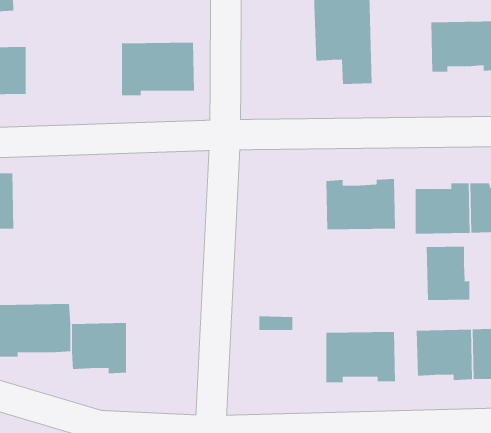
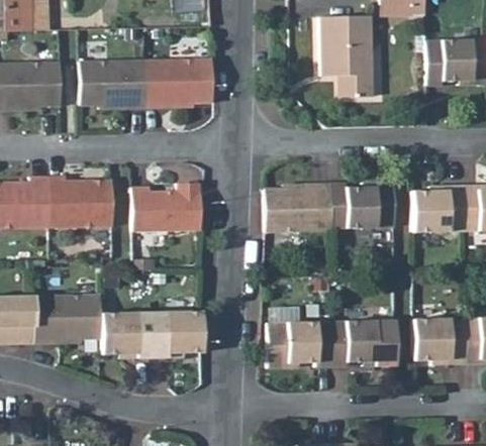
building: none -> [80,61,147,108]
building: none -> [48,178,113,228]
building: none -> [132,184,202,232]
building: none -> [265,185,332,233]
building: [426,246,470,301] -> none
building: none -> [152,313,202,358]
building: none -> [268,322,331,368]

